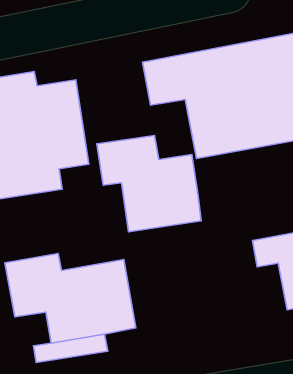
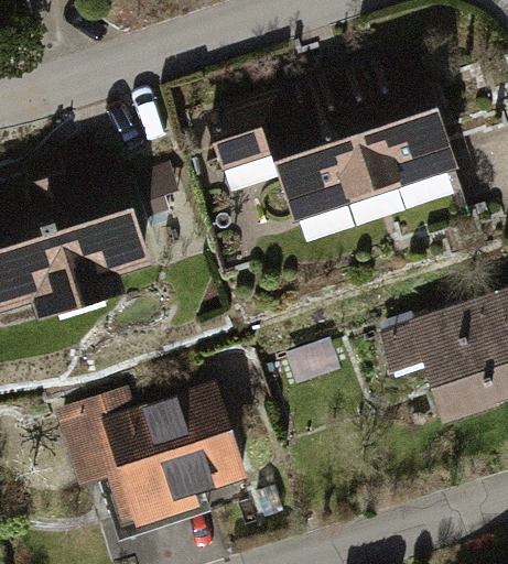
building: [97,135,201,232] -> none

